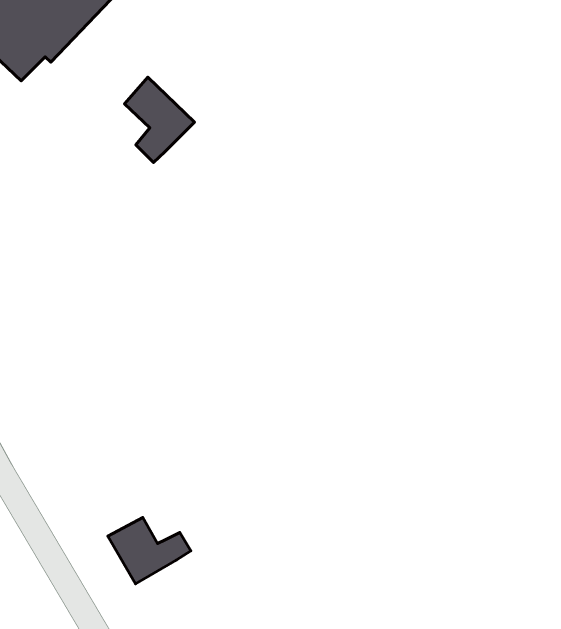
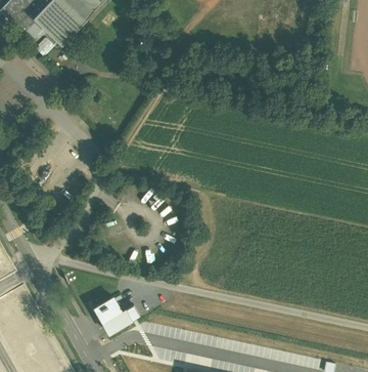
building: [125,77,194,163] -> none

